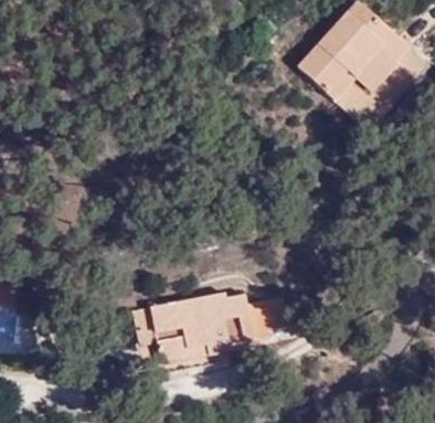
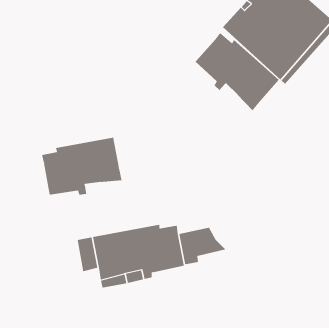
building: none -> [195,32,280,111]
building: none -> [41,137,122,196]

